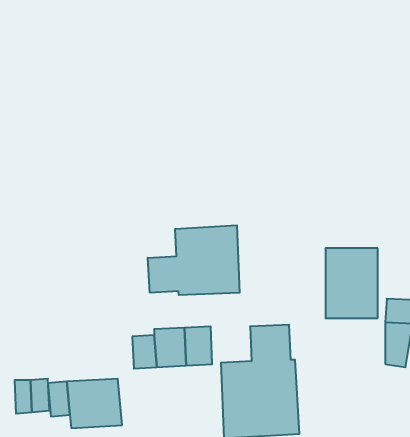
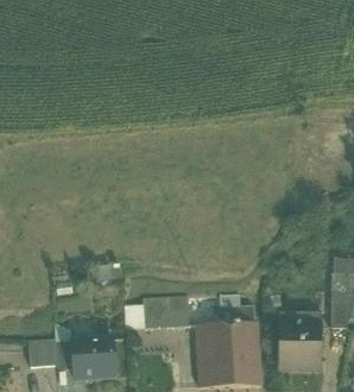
building: [148,225,240,295] -> none
building: [325,248,378,318] -> [278,311,321,368]

